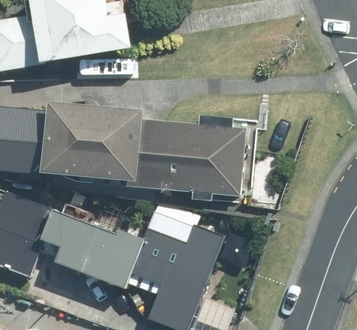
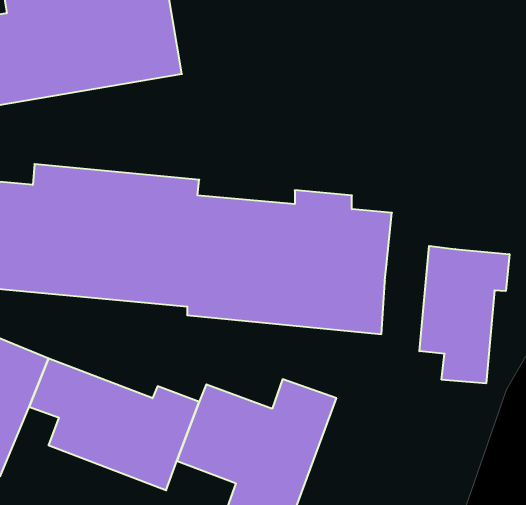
building: none -> [419,246,509,383]

